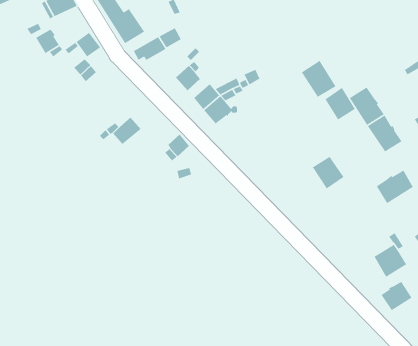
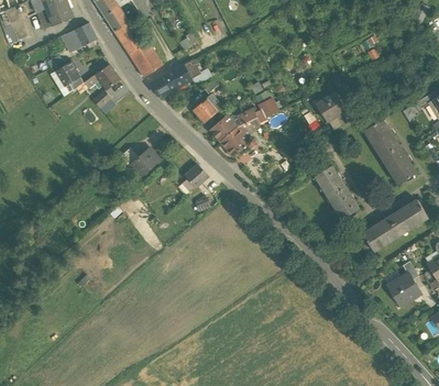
building: [324,87,356,120] -> [314,164,344,197]
building: none -> [362,216,400,251]
building: [380,281,412,311] -> none

